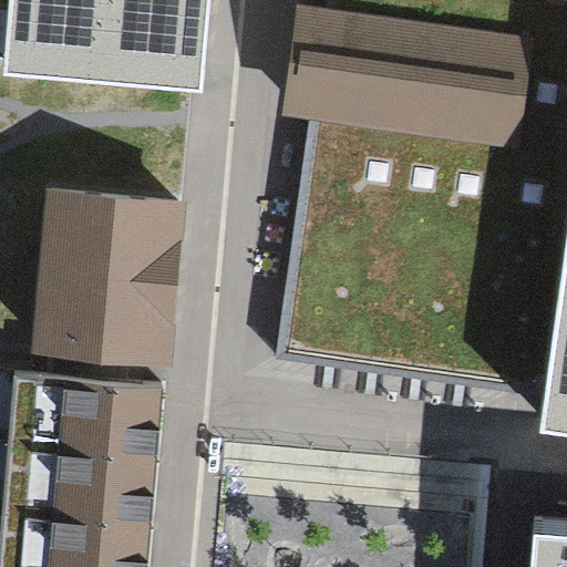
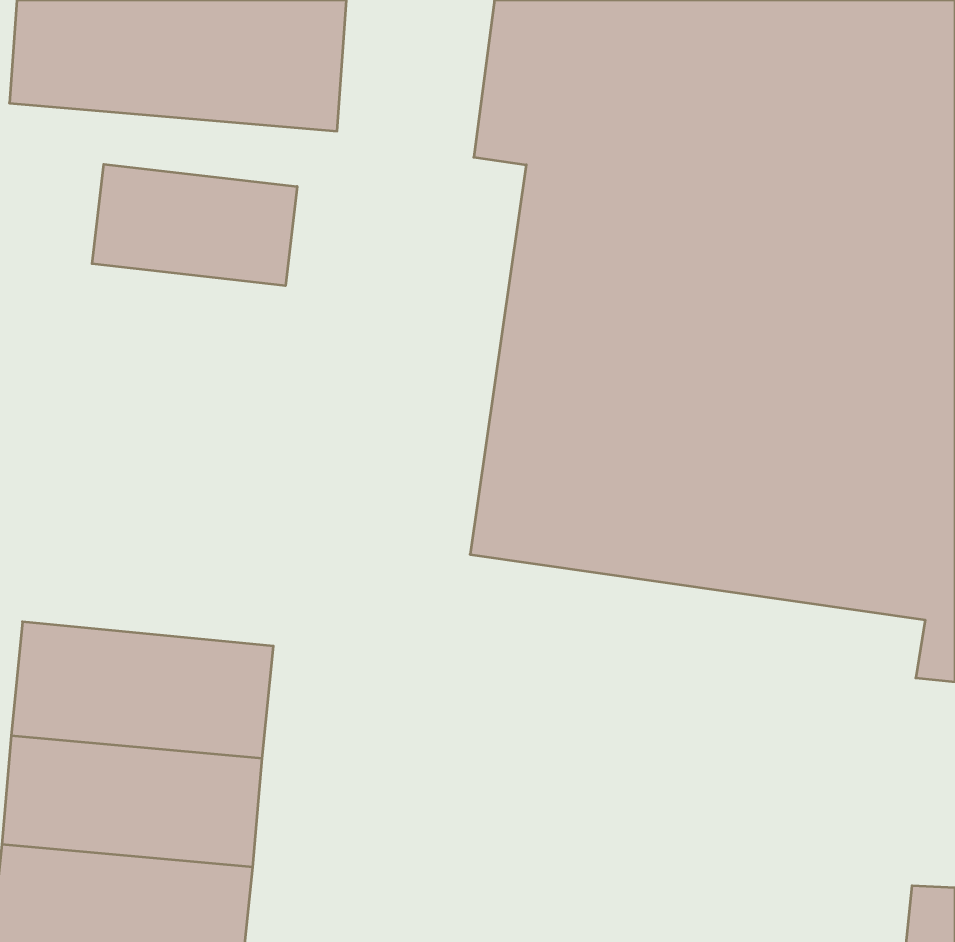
building: none -> [92,164,297,286]
building: [34,196,187,375] -> none

